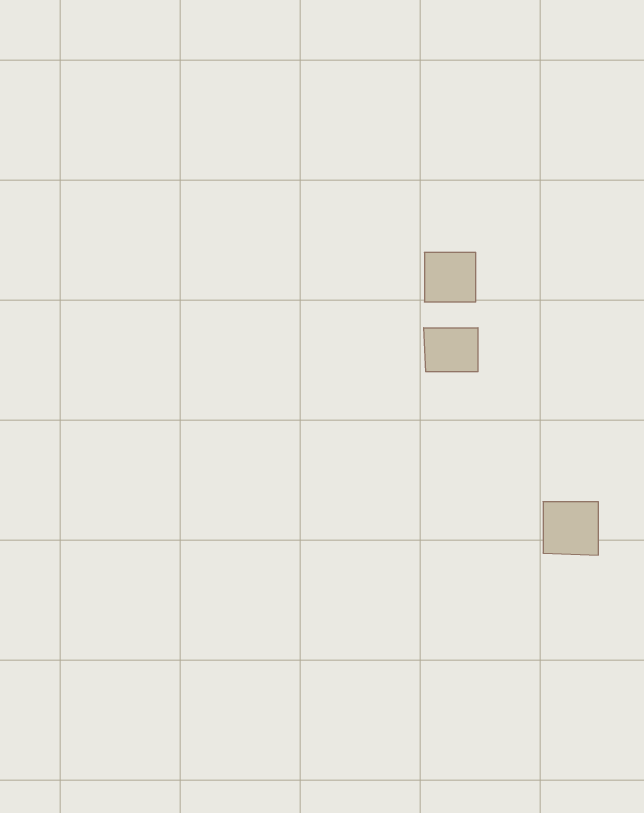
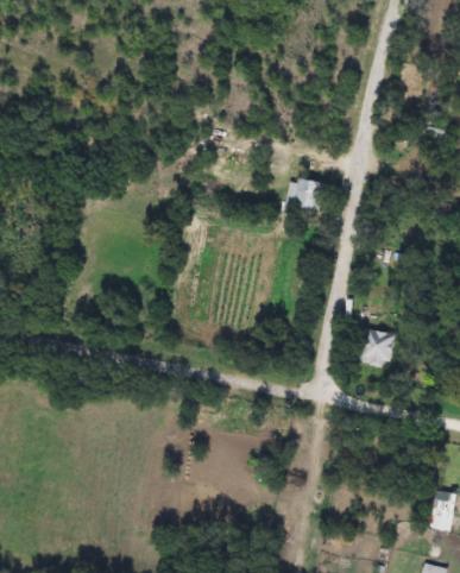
building: [424,328,478,372] -> none

